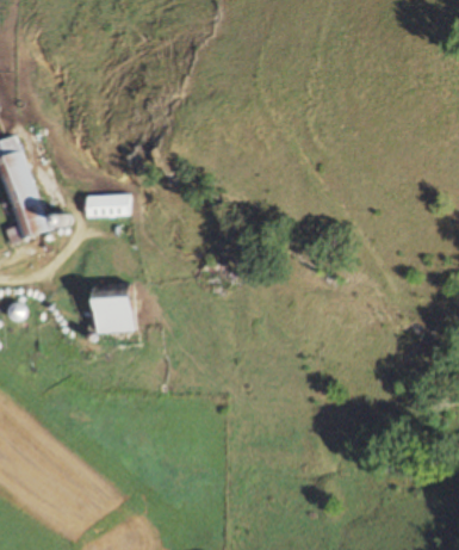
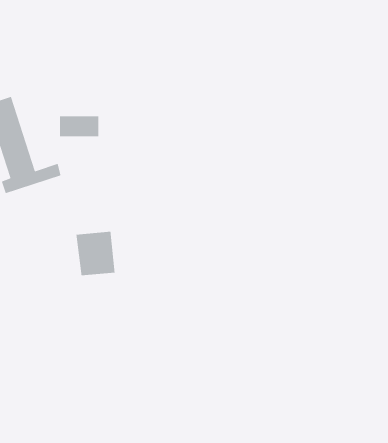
building: [85,194,129,218] -> [59,116,99,137]

